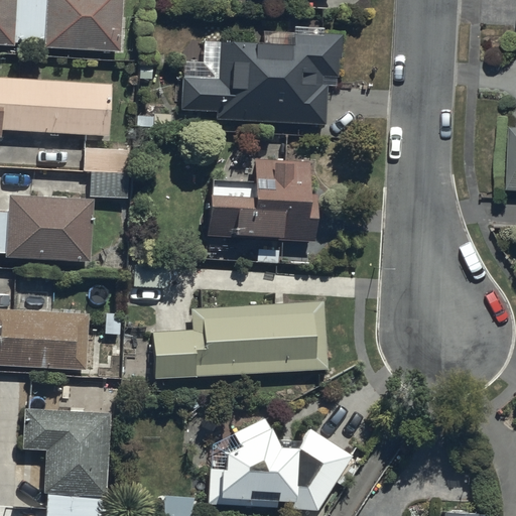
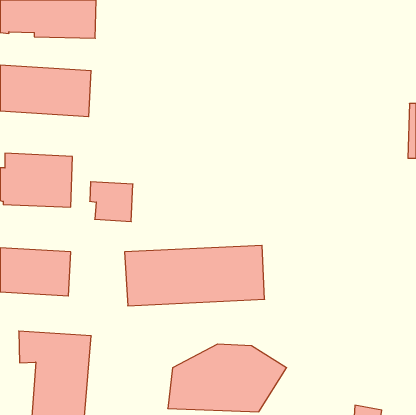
building: [178,32,340,121] -> none
building: [80,145,133,195] -> [90,182,133,222]
building: [204,160,324,247] -> none

